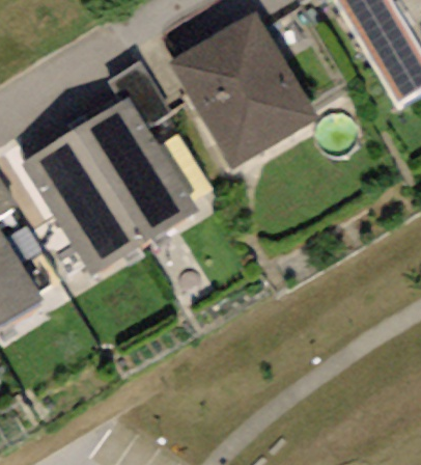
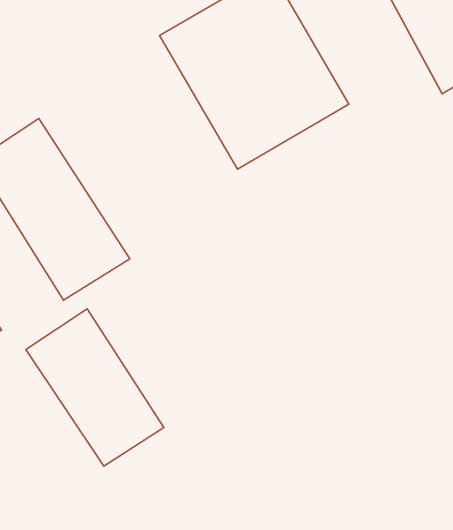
building: [72,93,198,240] -> none
building: none -> [26,309,164,466]

